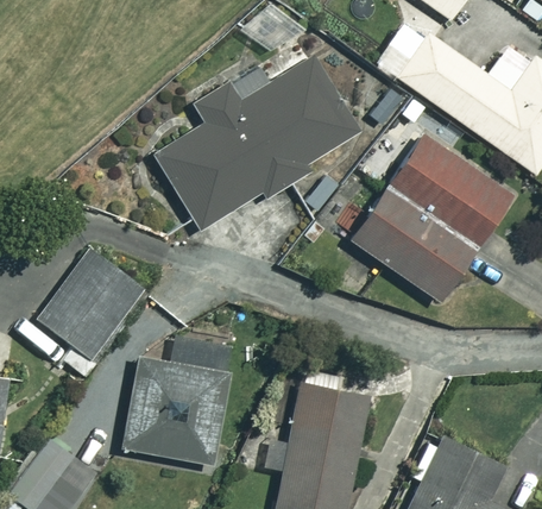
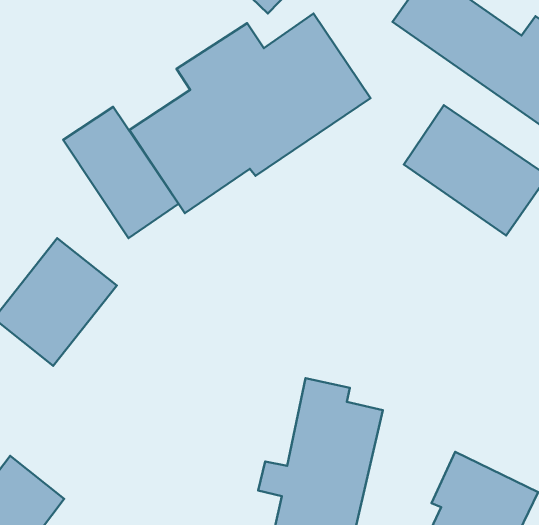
building: none -> [63,107,179,238]
building: [351,187,477,302] -> none
building: [122,338,235,466] -> none

